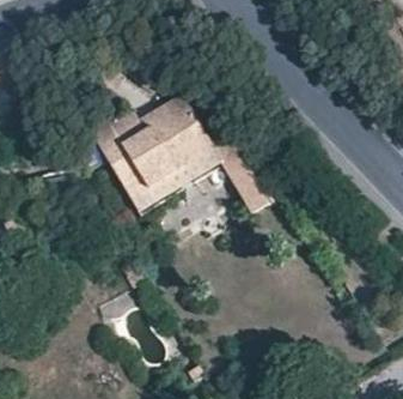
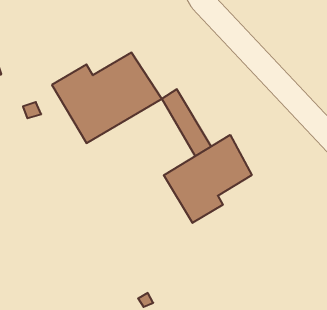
building: none -> [164,135,252,223]

